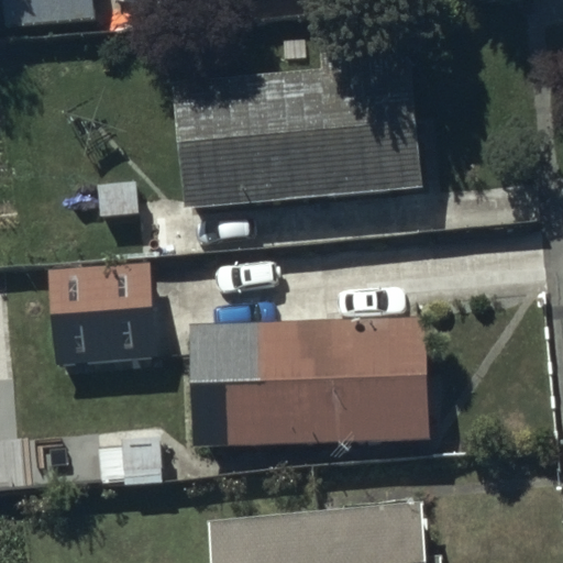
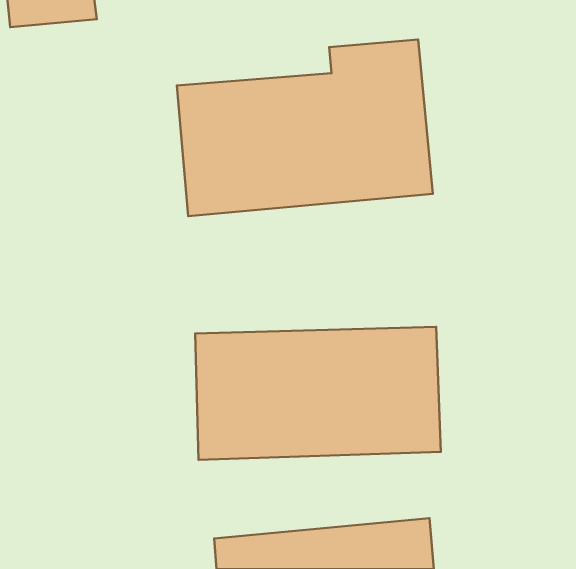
building: [51,263,156,364] -> none

